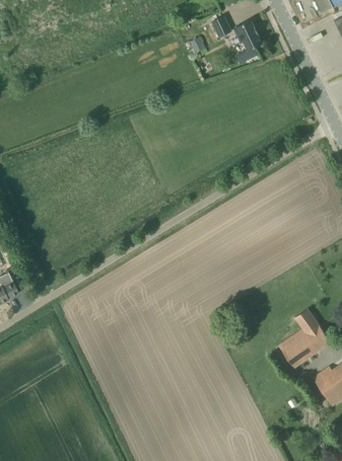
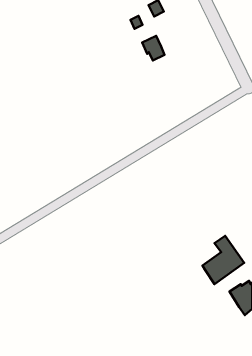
building: [234,20,262,51] -> [142,36,164,60]

